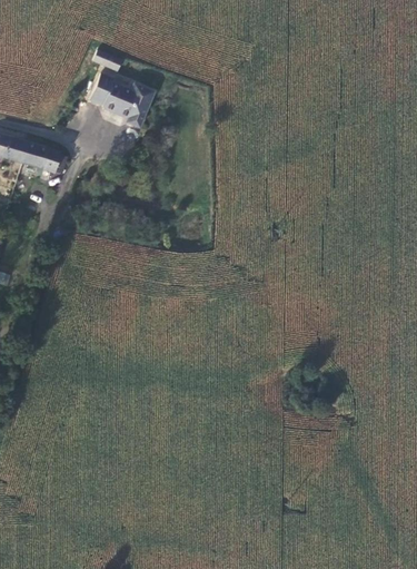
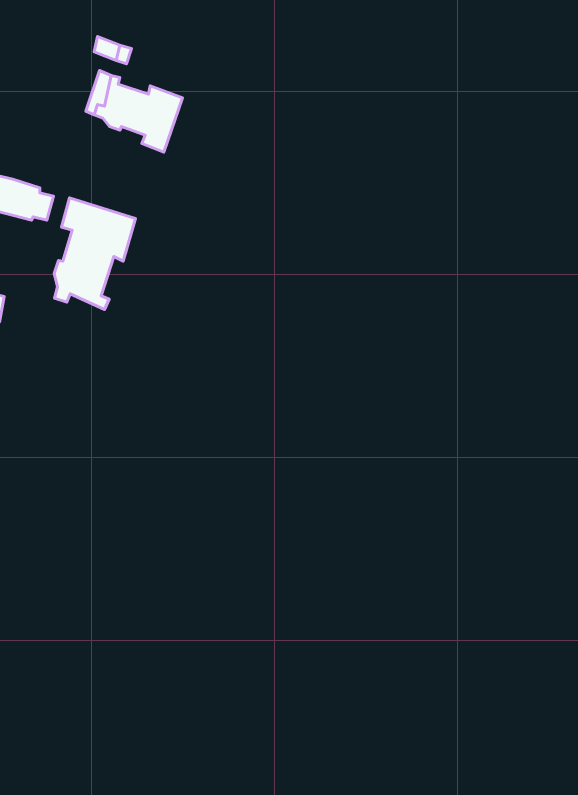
building: none -> [54,198,135,309]

